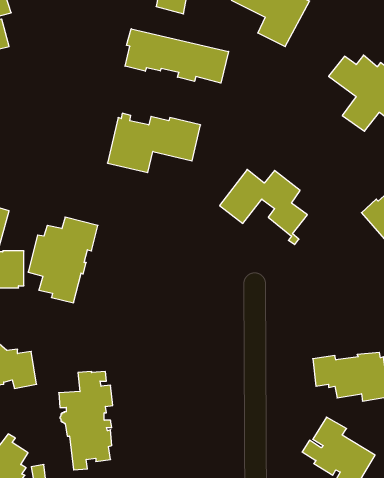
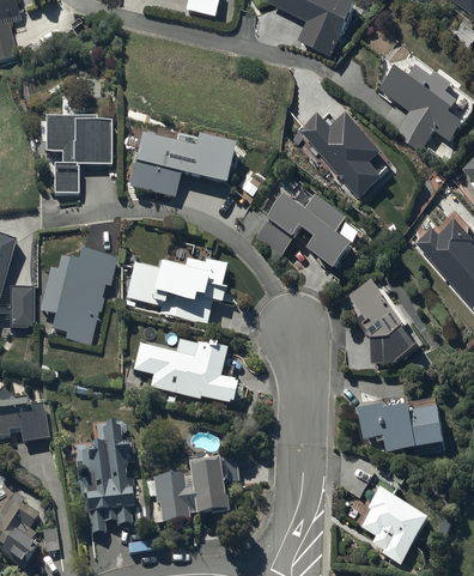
building: [125,29,229,83] -> none
building: none -> [300,113,388,196]
building: none -> [44,119,110,193]
building: none -> [126,256,225,322]
building: none -> [351,279,417,362]
building: none -> [132,341,237,401]
building: none -> [145,456,238,521]

